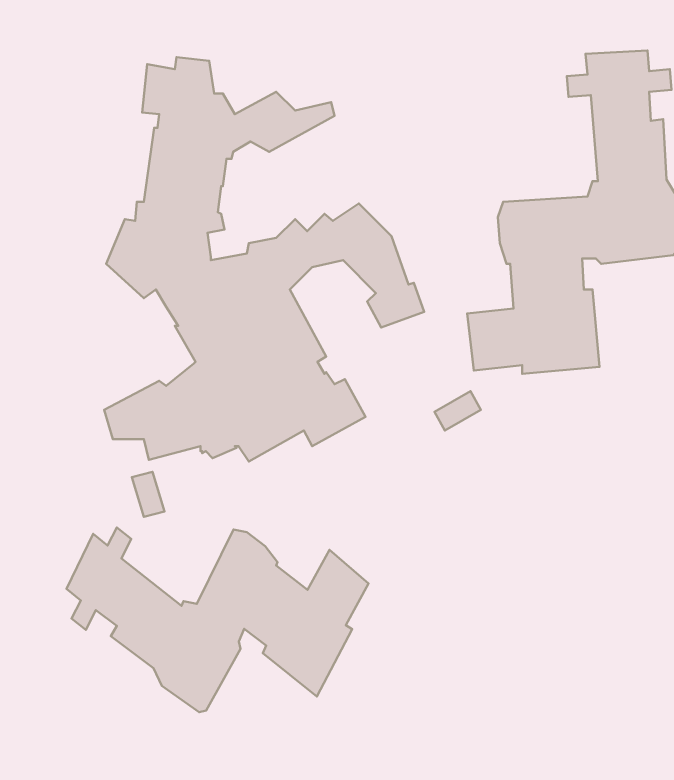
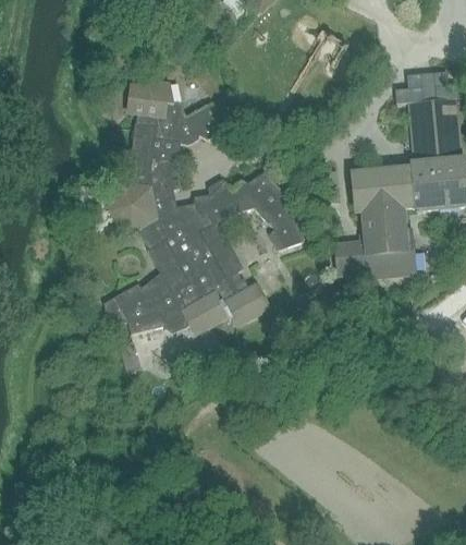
building: [66,527,368,712] -> none

